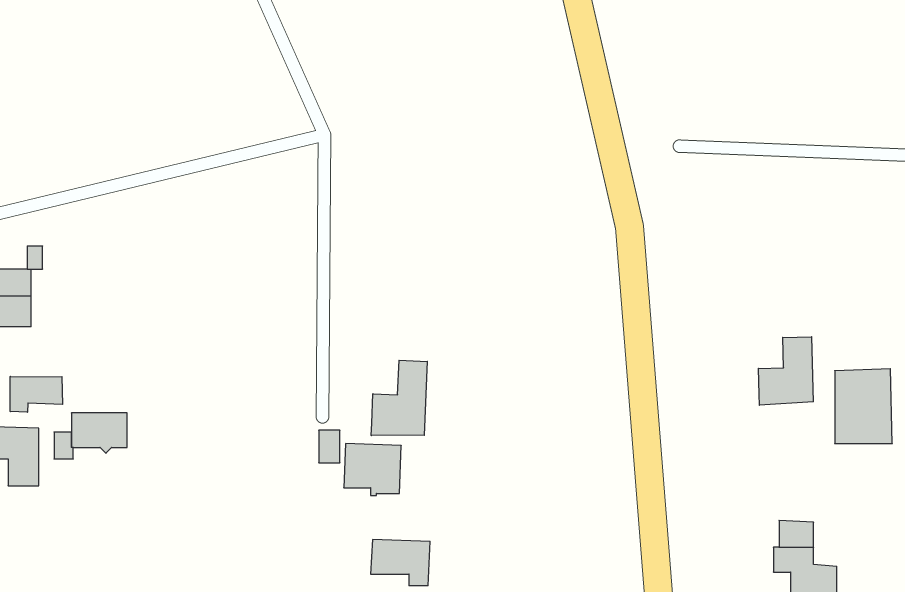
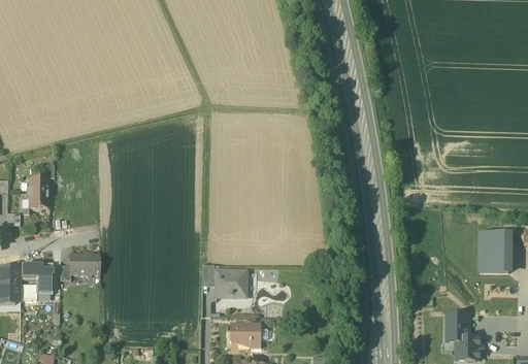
building: [758,337,813,405] -> none
building: [371,360,427,436] -> none
building: [10,376,62,412] -> none

